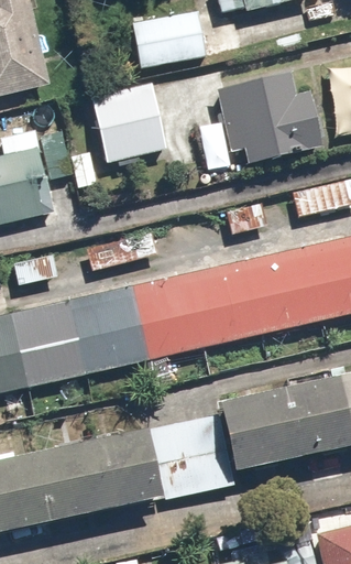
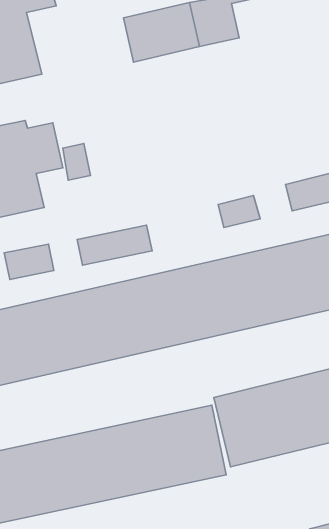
building: [97,72,172,158] -> none
building: [218,73,322,163] -> none

